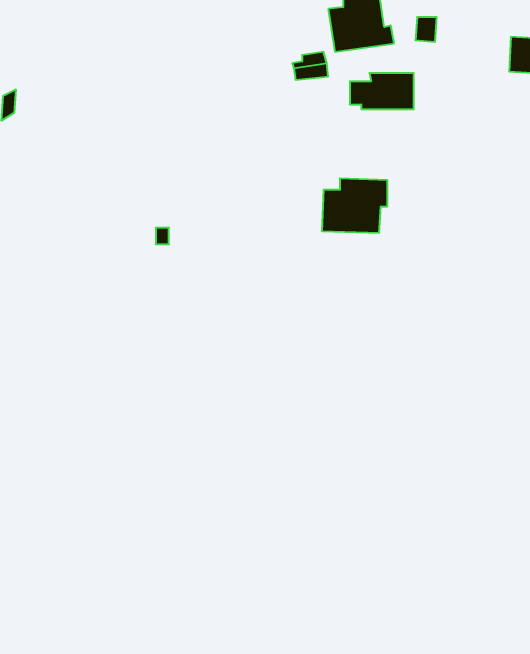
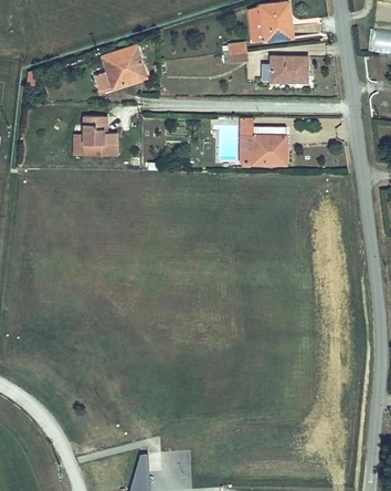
building: none -> [95,45,145,92]
building: none -> [83,116,116,156]

